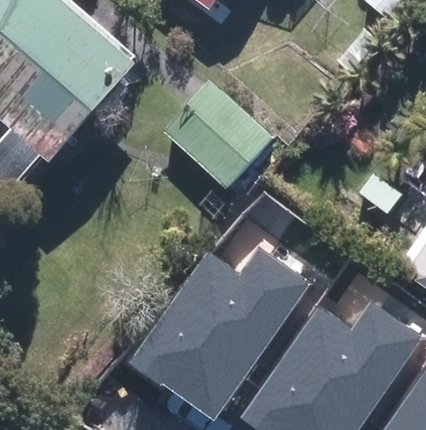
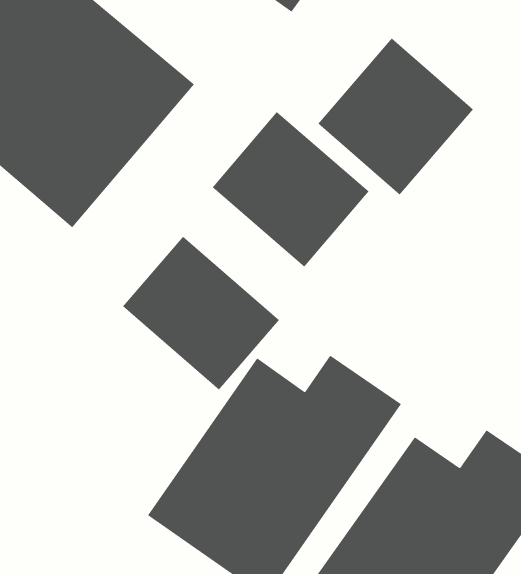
building: none -> [317,38,474,196]
building: none -> [122,236,280,391]

